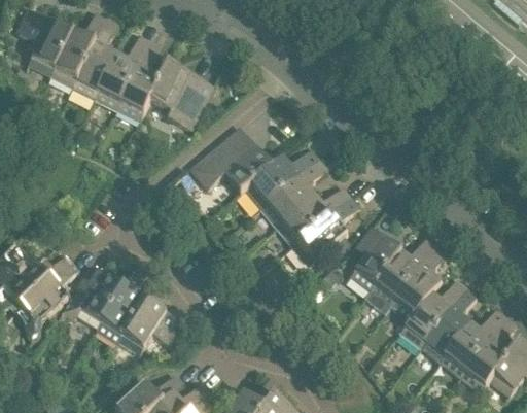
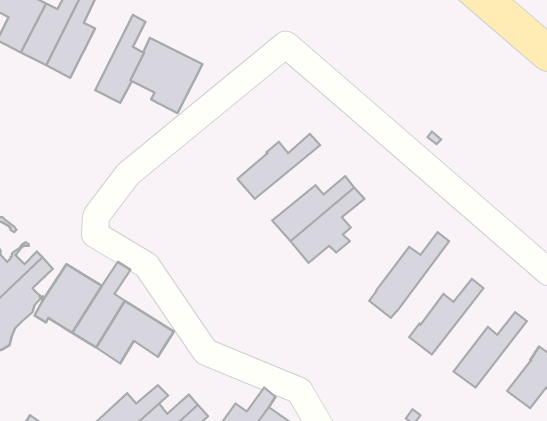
building: [93,34,149,108] -> none
building: [188,126,271,193] -> none
building: [259,158,326,226] -> none
building: [349,227,398,288] -> none
building: [389,244,445,319] -> none
building: [419,286,476,362] -> none
building: [458,316,515,392] -> none

